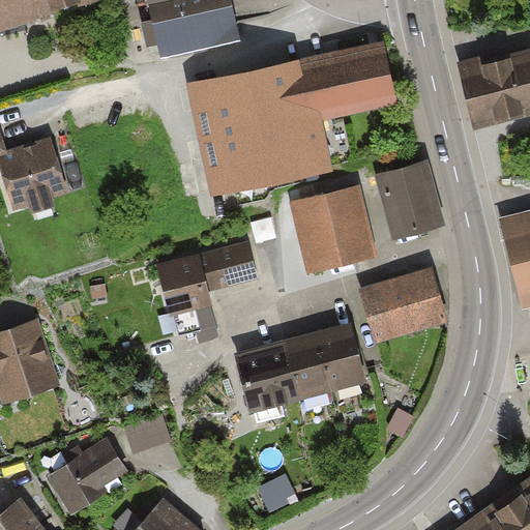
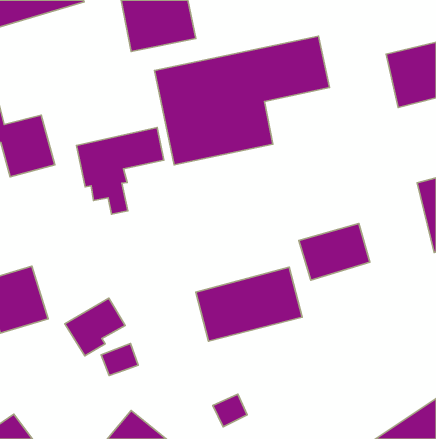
building: [374,163,445,240] -> none
building: [290,188,375,269] -> none
building: [154,239,260,344] -> [76,127,164,214]
building: [51,440,123,509] -> [65,298,125,356]

